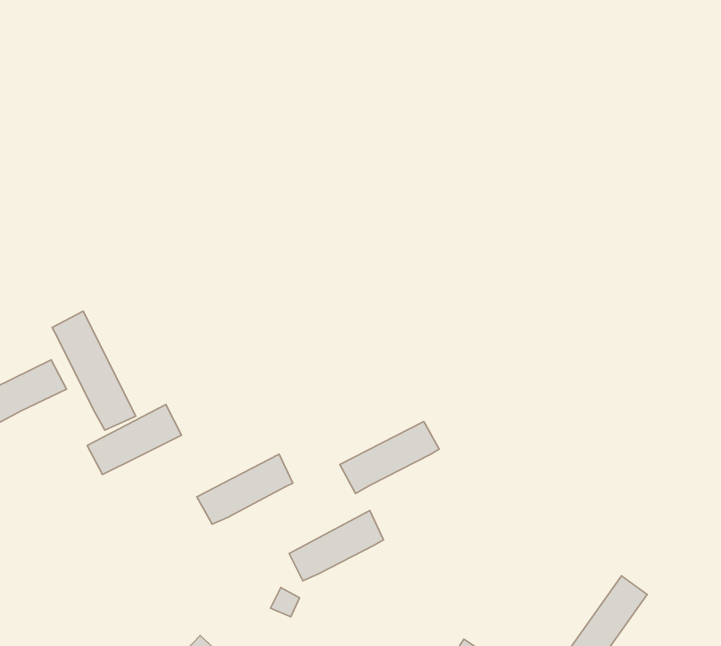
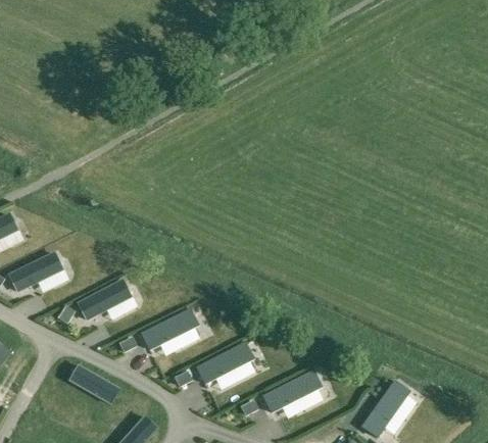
building: [52,311,136,430] -> none
building: [340,422,439,494] -> [263,370,323,412]
building: none -> [68,365,119,405]

